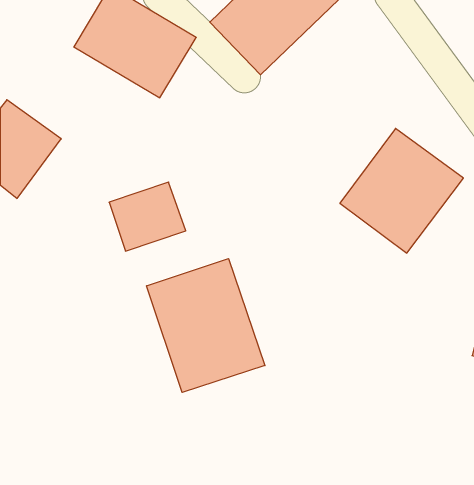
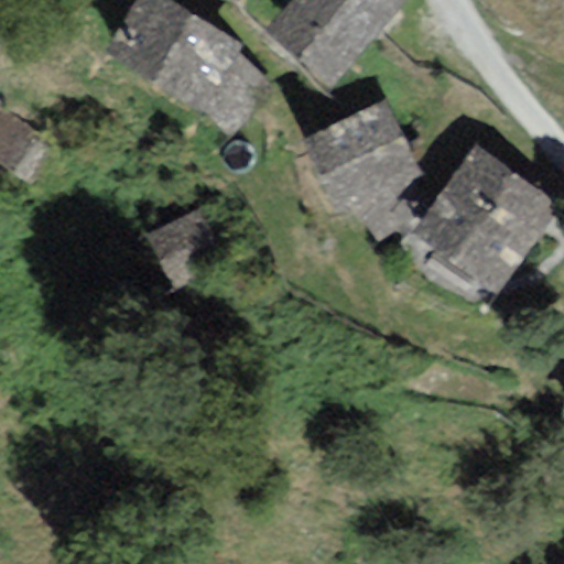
building: none -> [299,100,422,214]
building: [147,259,265,392] -> none

